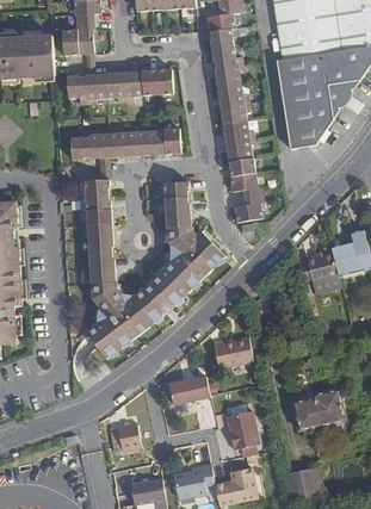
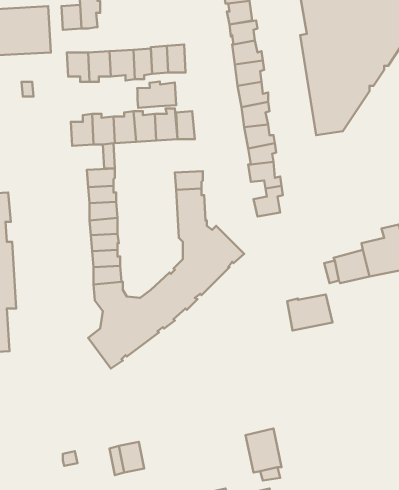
building: none -> [137,81,176,108]
building: [214,336,254,368] -> [287,295,333,331]
building: [167,375,209,404] -> none
building: [292,389,344,429] -> none

